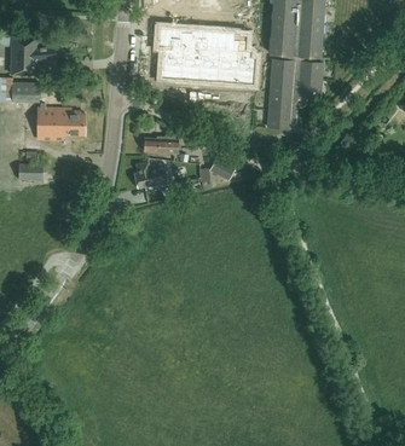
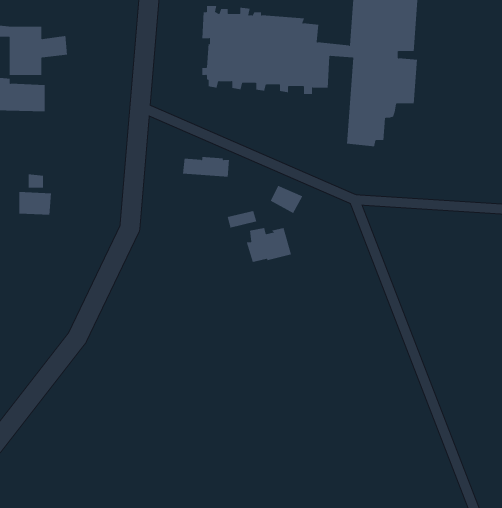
building: [39,106,85,140] -> none
building: [134,161,169,187] -> [246,227,292,262]

